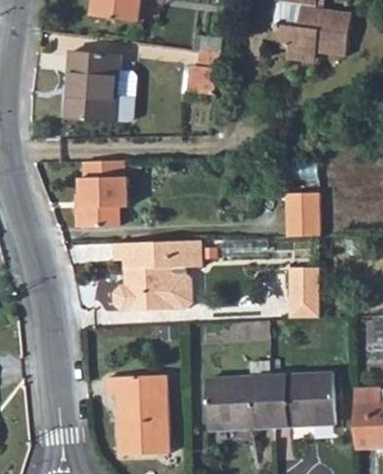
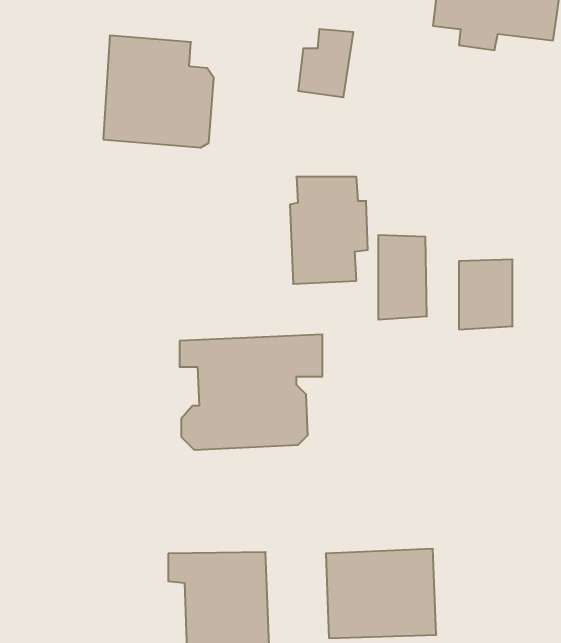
building: [84,163,132,229] -> [290,177,368,284]
building: [290,266,320,318] -> [378,235,427,320]
building: [270,371,331,426] -> none

